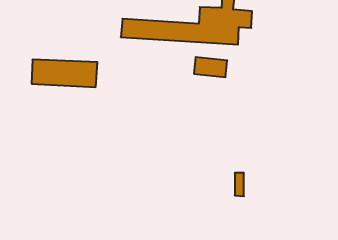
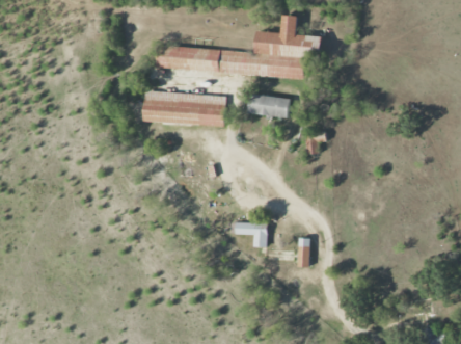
building: [32,60,97,87] -> [143,91,225,126]
building: none -> [235,222,267,247]

